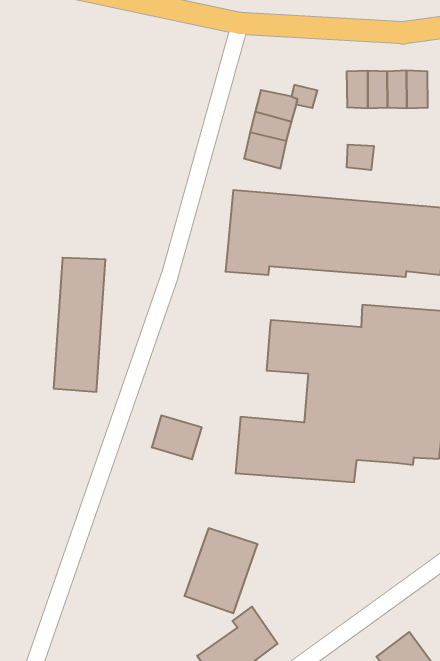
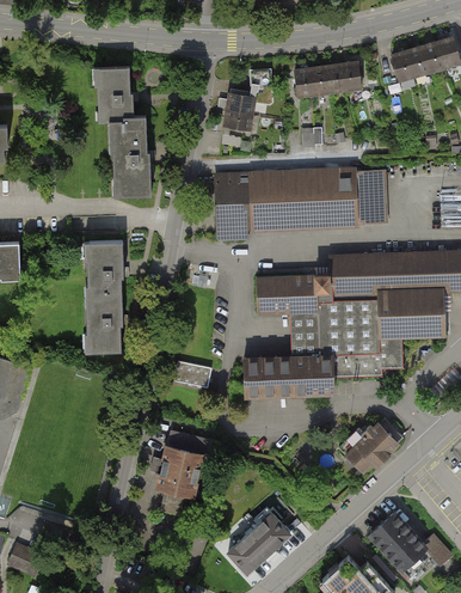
building: none -> [94,68,150,194]
building: none -> [339,417,402,470]
building: [184,528,258,613] -> [155,433,209,499]

